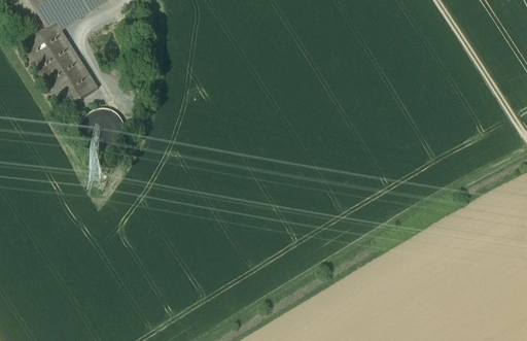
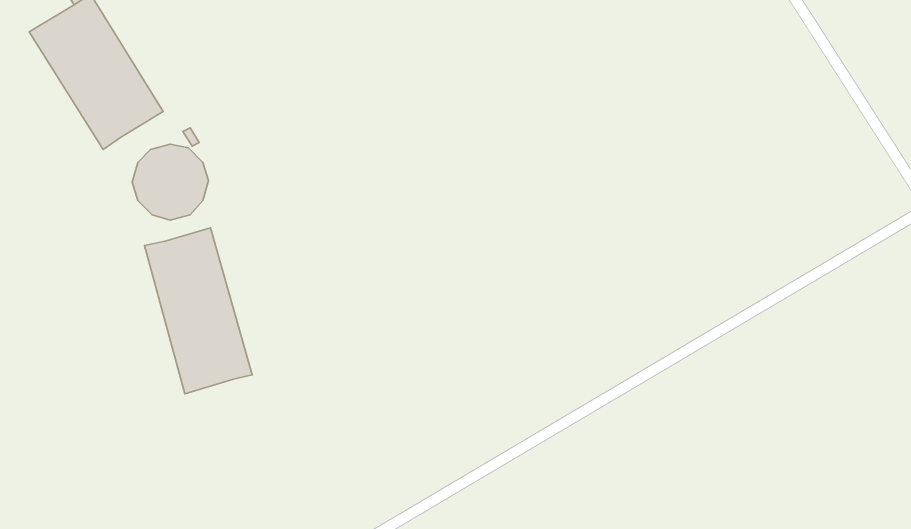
building: none -> [144,228,252,394]

